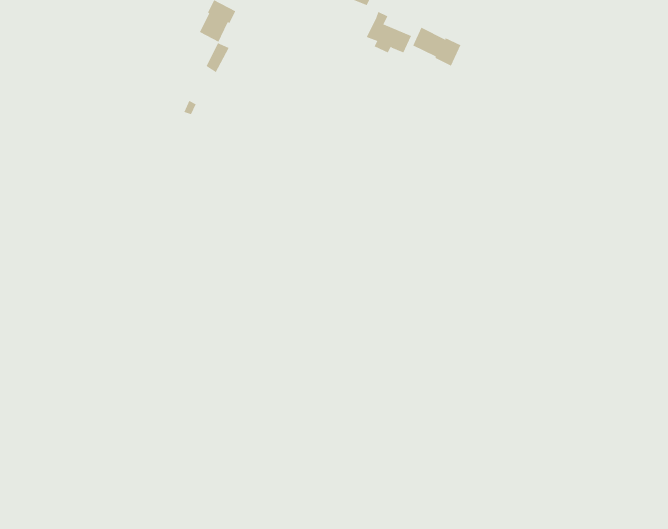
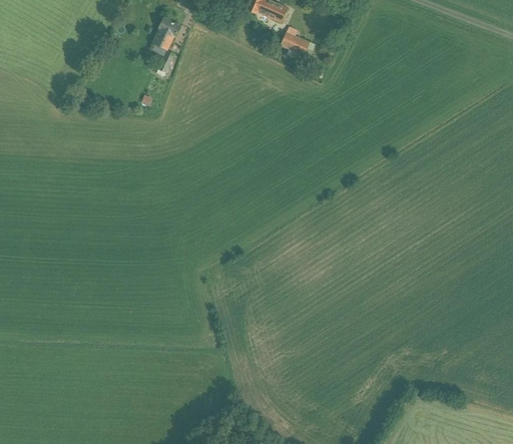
building: [412,27,461,66] -> none

